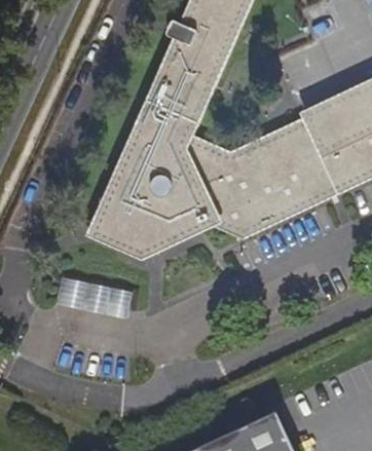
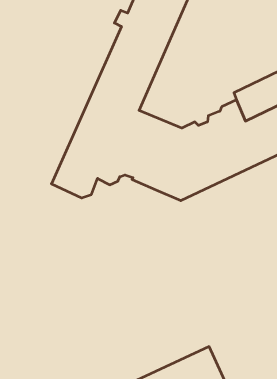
building: [85,211,213,261] -> none
building: [53,276,129,317] -> none

